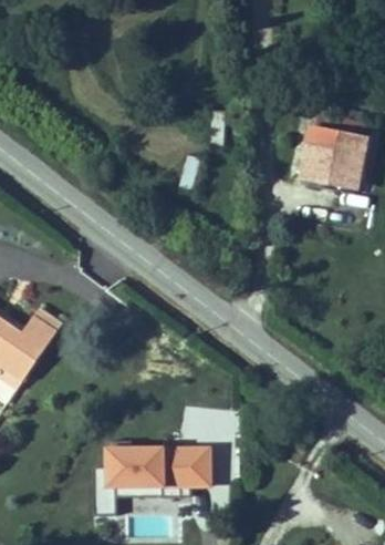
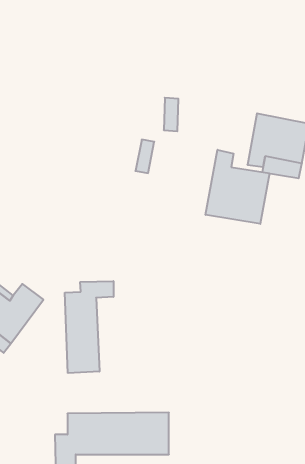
building: none -> [206,150,269,224]
building: none -> [65,281,113,373]

